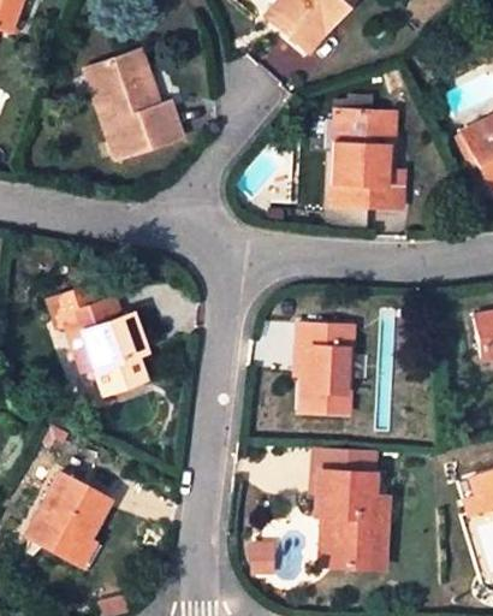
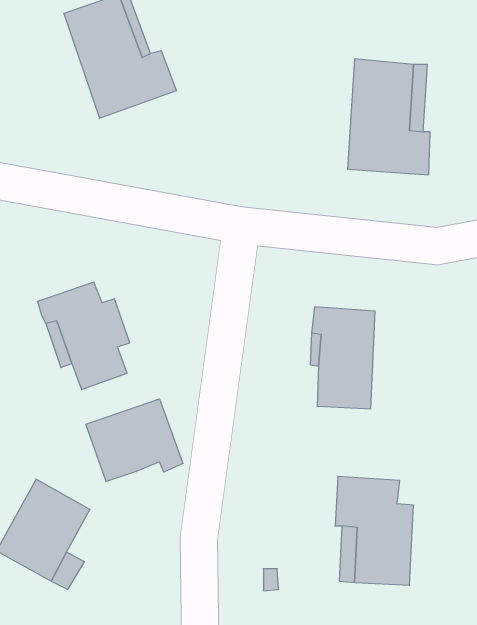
building: [46,283,105,333] -> none
building: none -> [86,399,183,482]
building: [321,446,378,476] -> none

